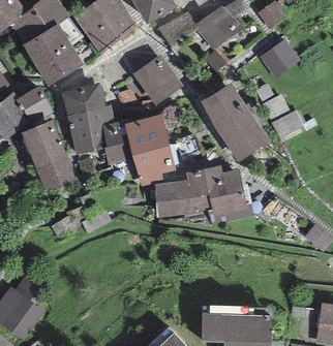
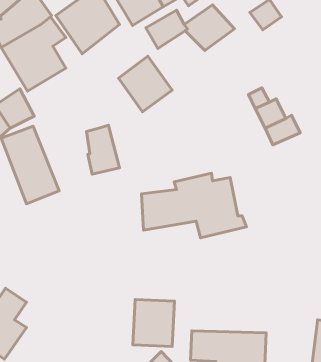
building: [259,39,300,78] -> none
building: [61,83,114,155] -> none
building: [200,83,270,161] -> none
building: [124,114,175,186] -> none
building: none -> [133,300,175,346]

